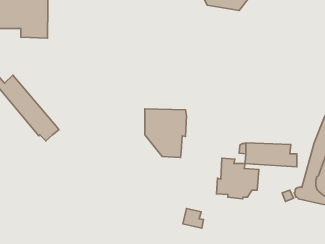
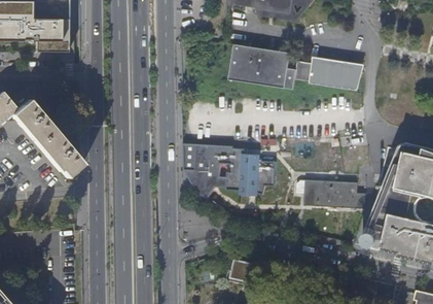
building: none -> [230,44,298,89]
building: none -> [301,62,362,89]
building: [217,158,259,199] -> [228,147,279,196]

